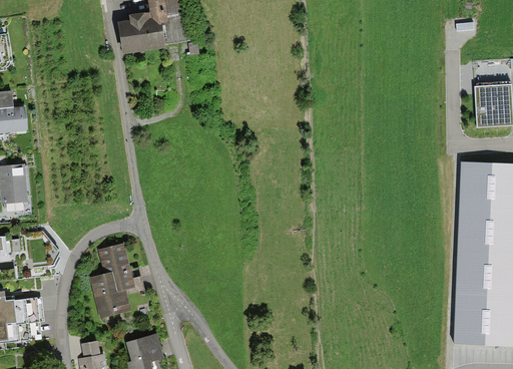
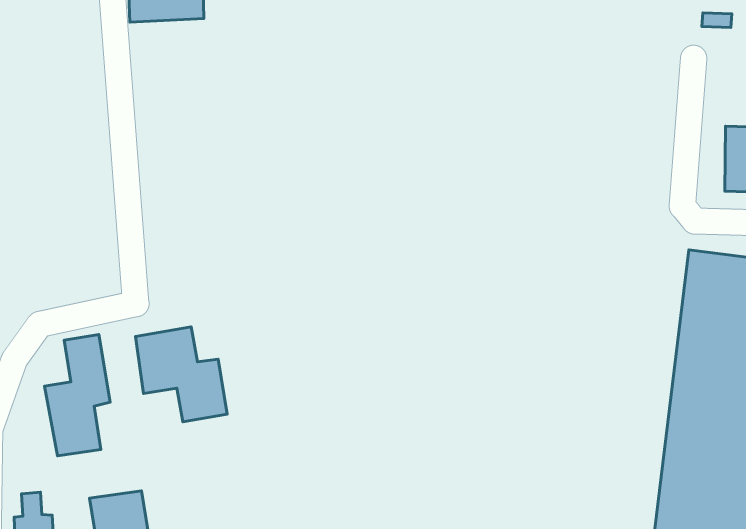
building: none -> [136,327,227,422]

